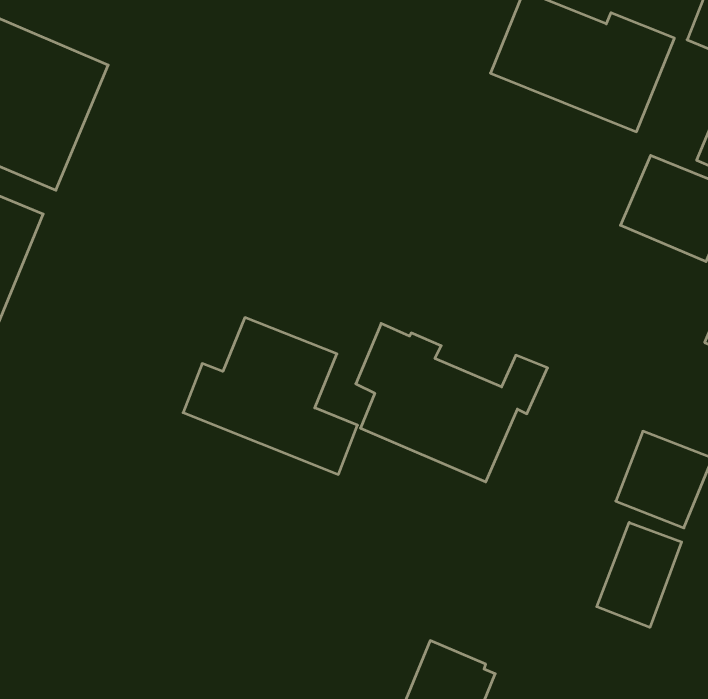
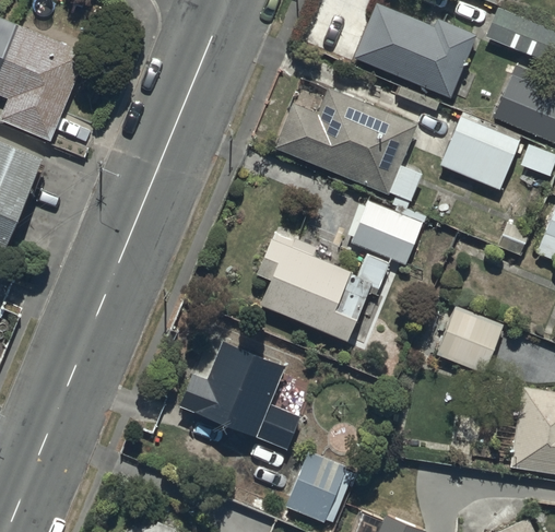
building: none -> [274,88,422,201]
building: none -> [352,201,423,264]
building: [183,318,358,474] -> [180,342,300,450]
building: [597,522,682,627] -> none

